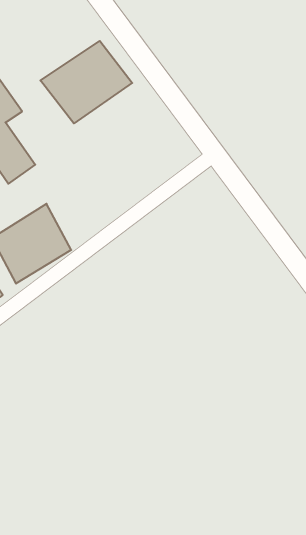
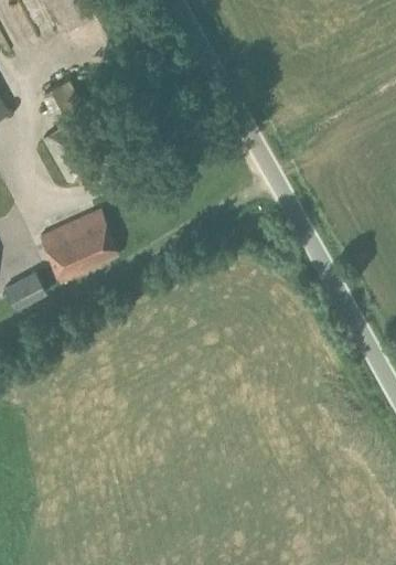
building: [40,41,132,123] -> none

